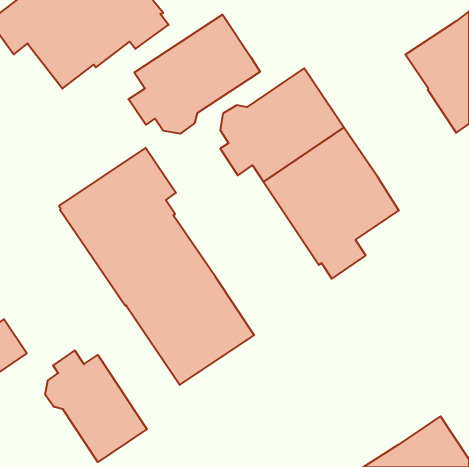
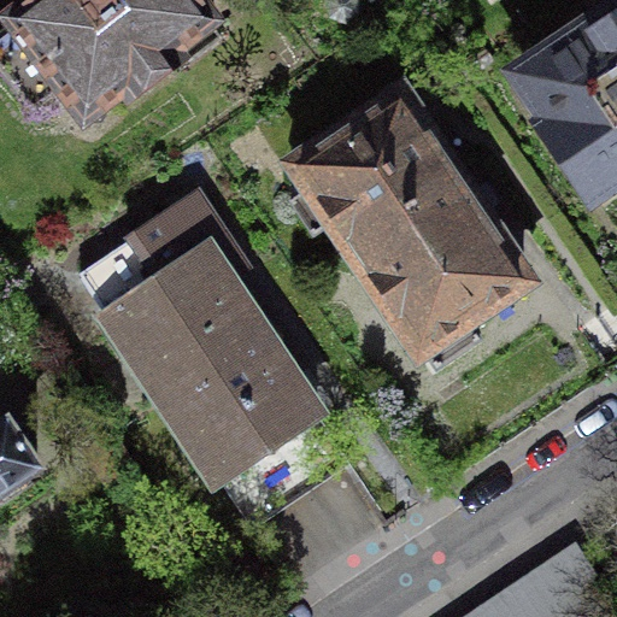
building: [128,15,260,134] -> none
building: [45,350,147,462] -> none

